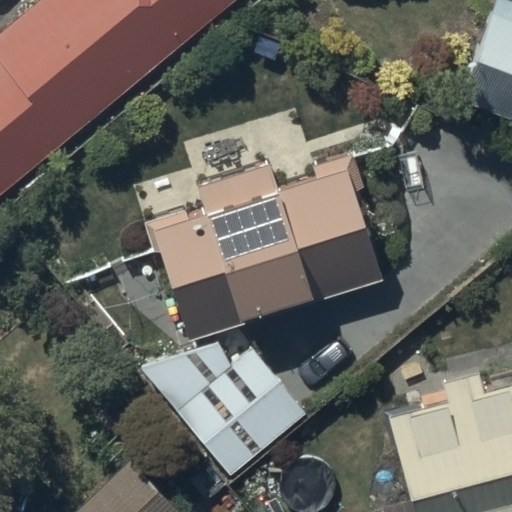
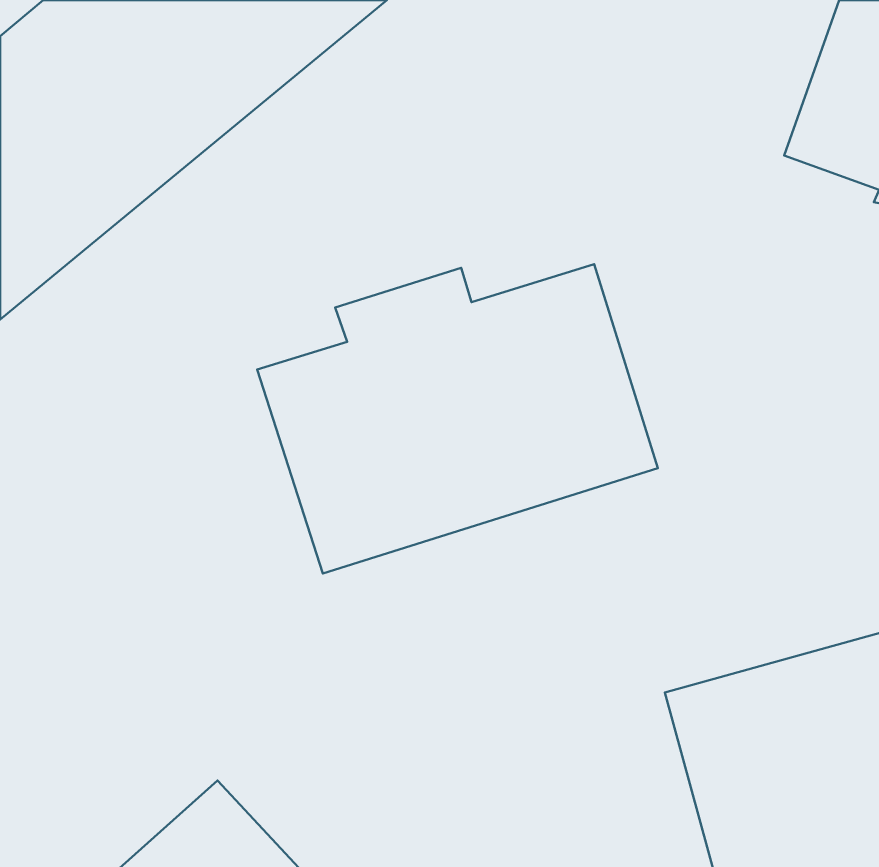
building: [140,342,305,475] -> none

